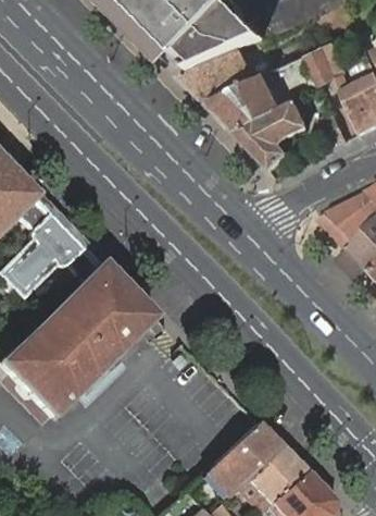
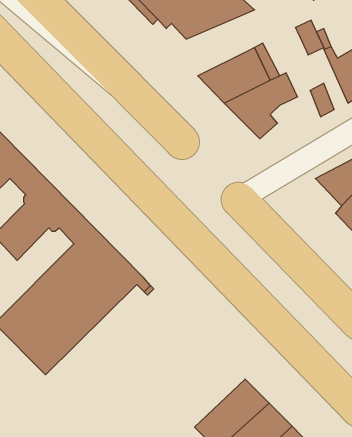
building: [181,50,263,108] -> none

